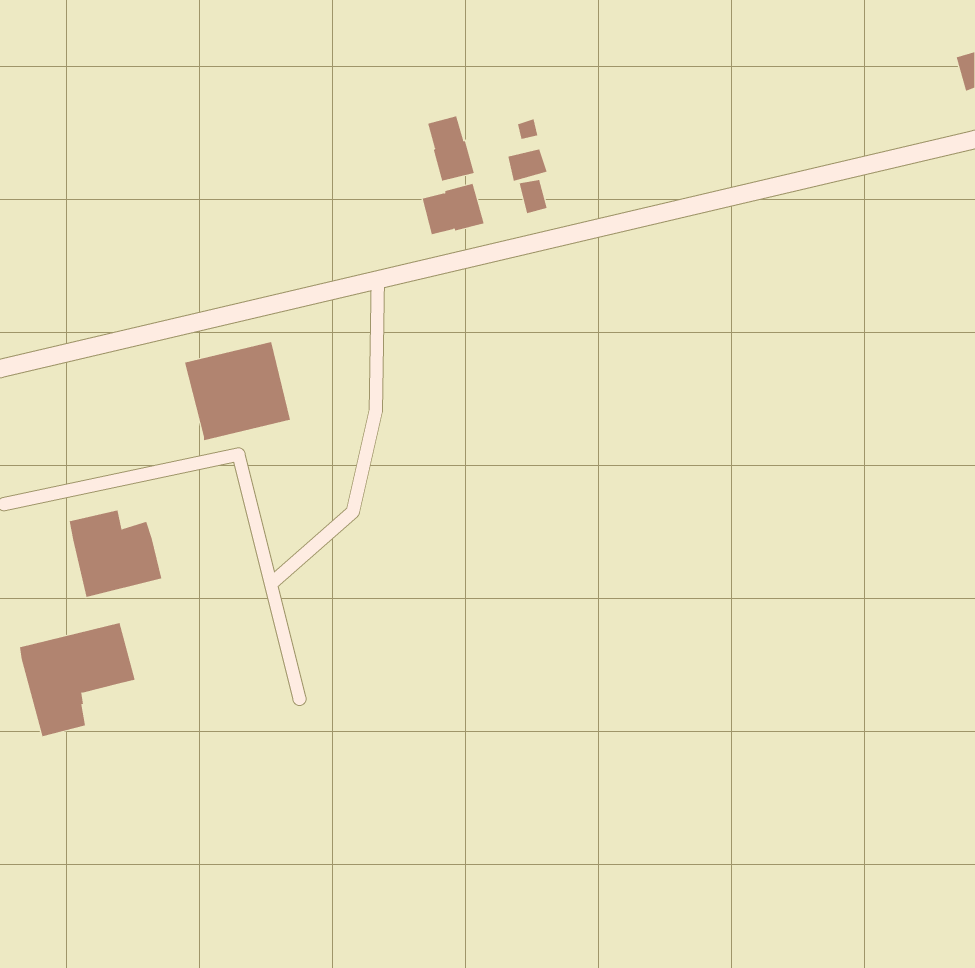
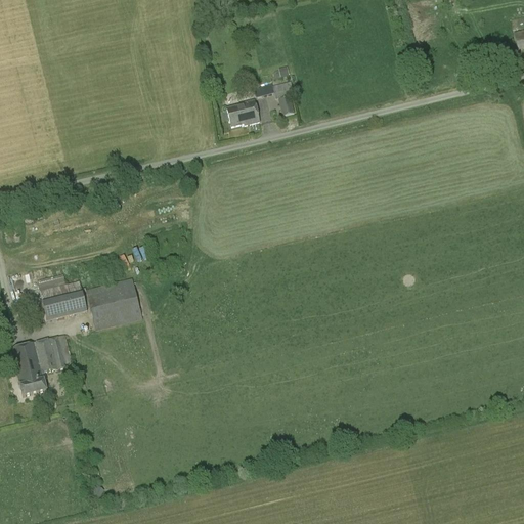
building: [427,115,474,182] -> none
building: [184,341,291,441] -> [85,276,142,330]

